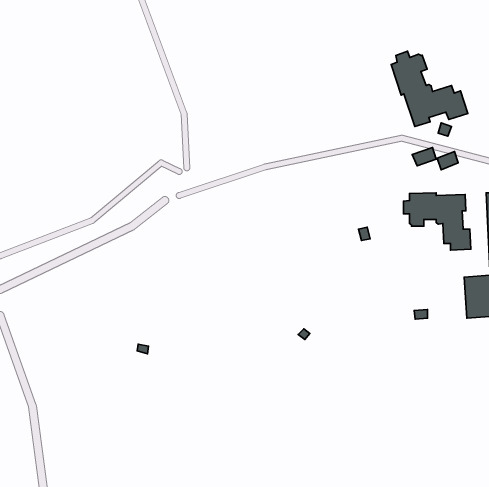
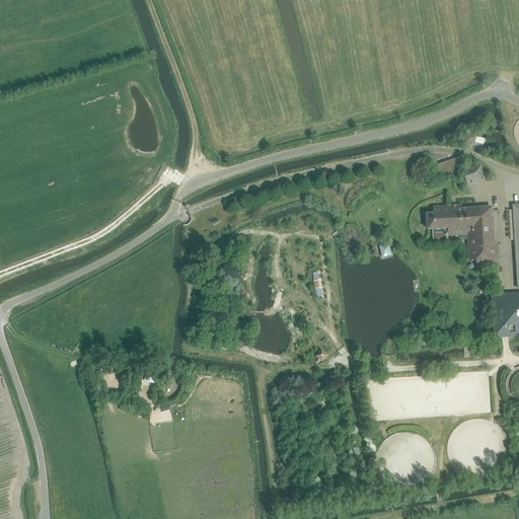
building: [391,51,468,127] -> none

